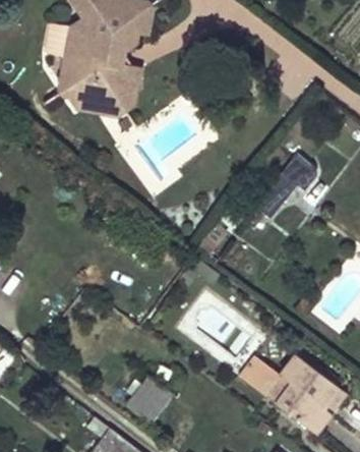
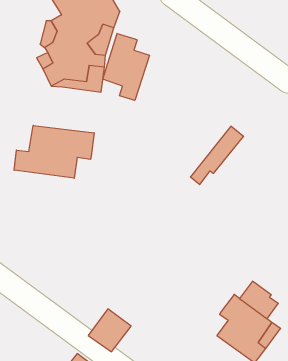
building: none -> [103,33,149,100]
building: none -> [14,125,94,178]
building: [241,359,287,404] -> [240,281,278,319]

